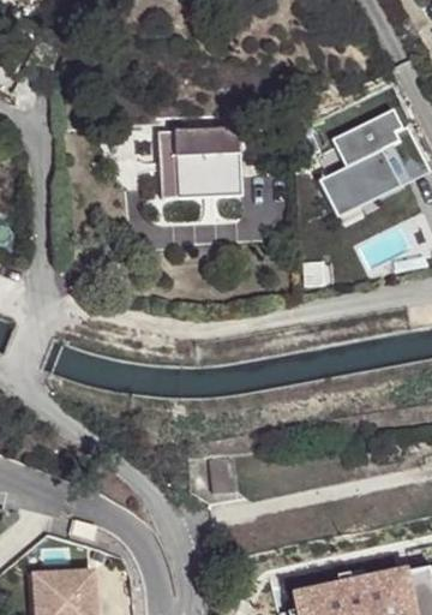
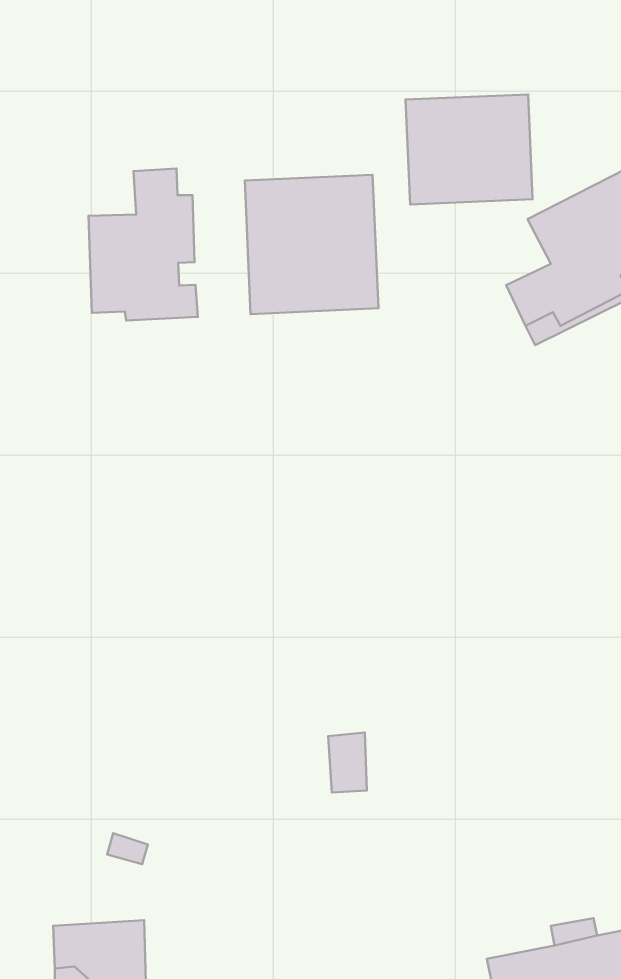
building: none -> [405,94,533,204]
building: none -> [88,169,198,321]

